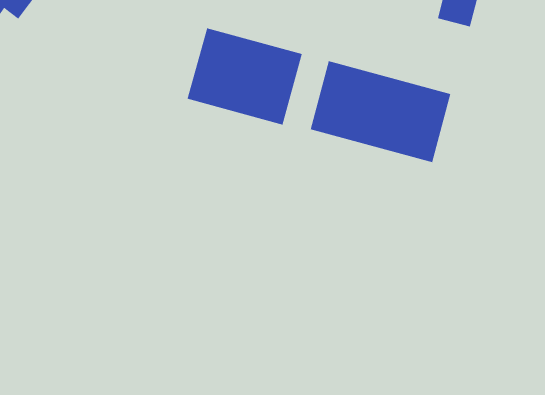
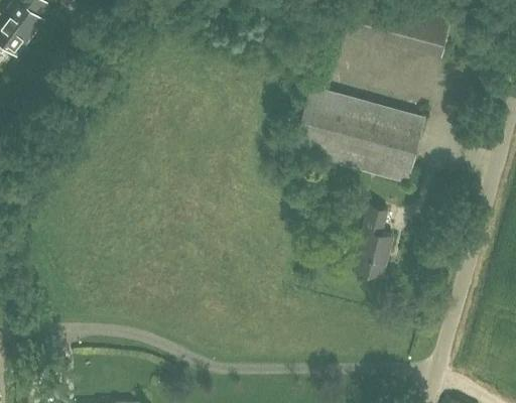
building: [187,28,303,125] -> none
building: none -> [355,200,395,276]

